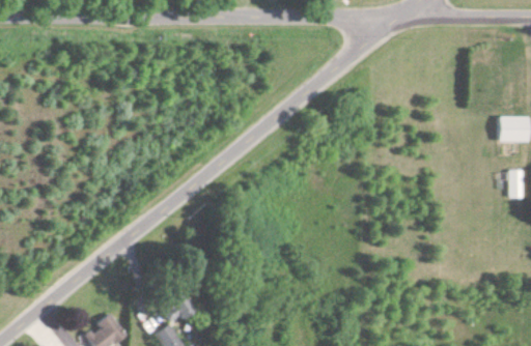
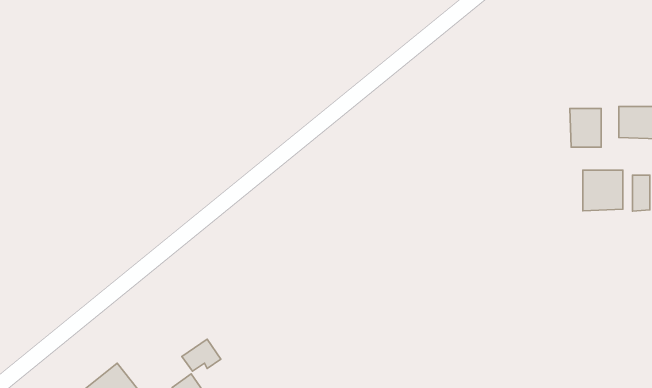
building: none -> [570,109,601,147]
building: none -> [583,170,623,211]

